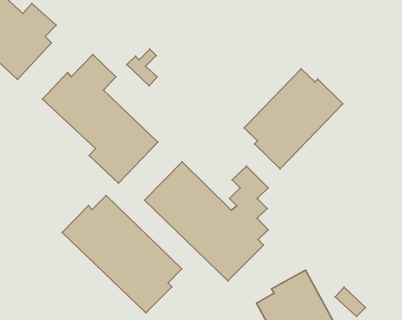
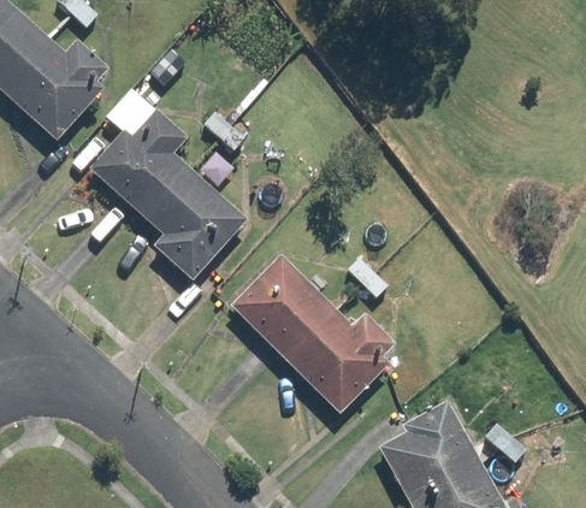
building: [244,69,343,169] -> none
building: [62,195,182,313] -> none

